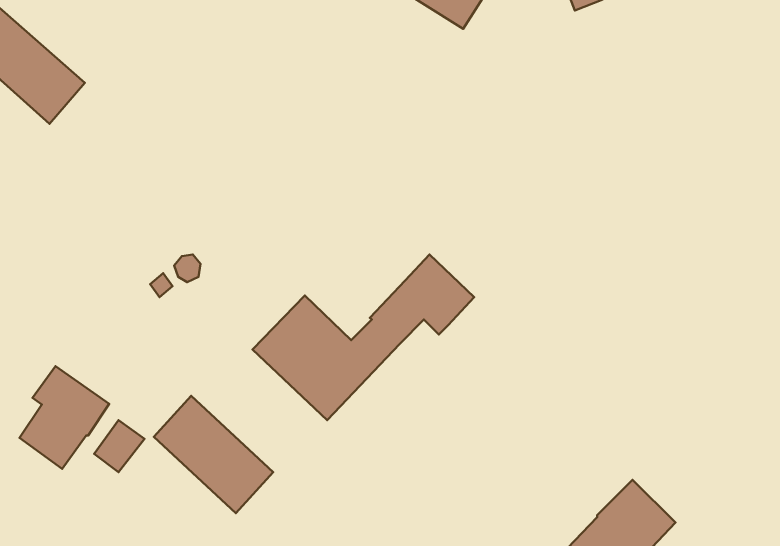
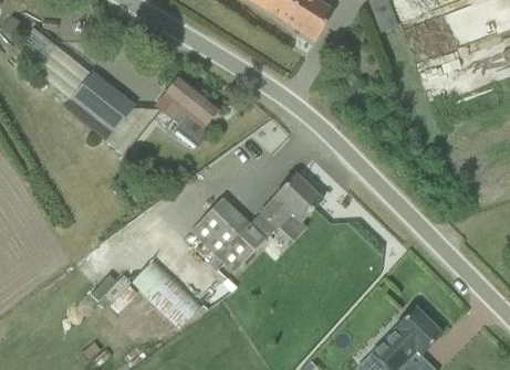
building: none -> [65,71,143,152]
building: none -> [156,75,220,144]
building: [20,366,109,469] -> none

